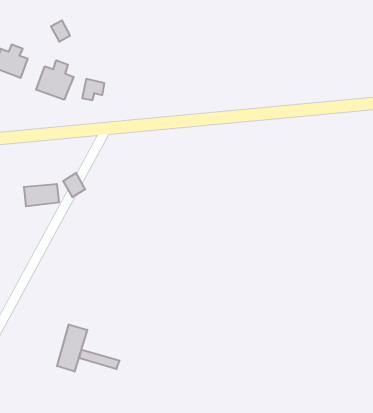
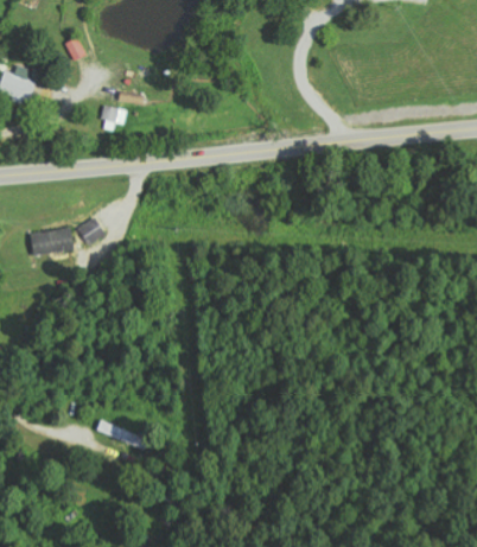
building: [36,60,74,100] -> none
building: [57,324,87,372] -> none

